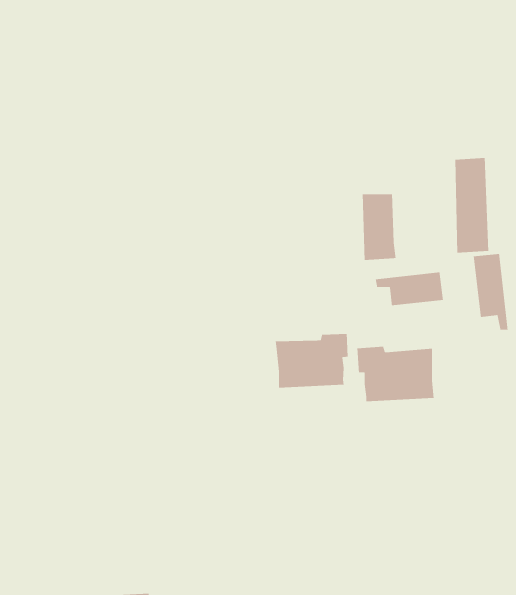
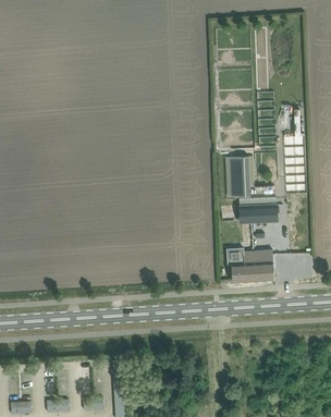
building: [473,253,508,331] -> none
building: [275,333,348,389] -> none

